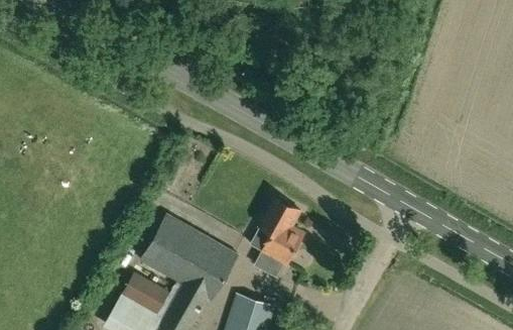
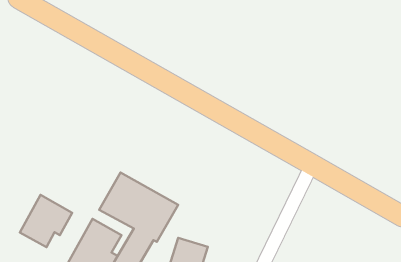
building: [251,199,304,276] -> none
building: none -> [20,195,72,247]

